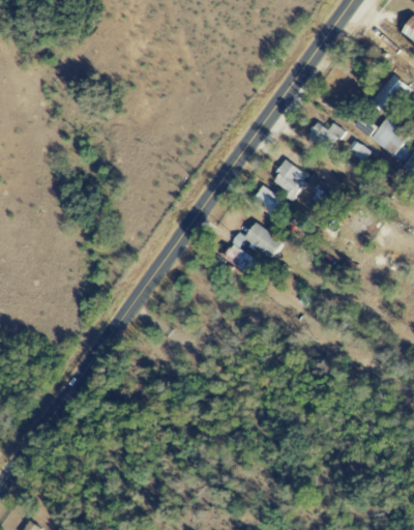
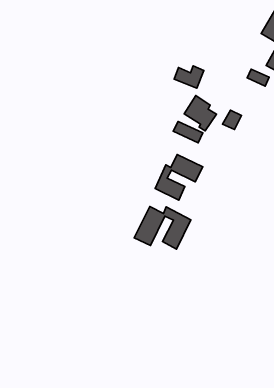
building: [308,121,344,148] -> [174,66,204,88]
building: none -> [134,206,191,249]

